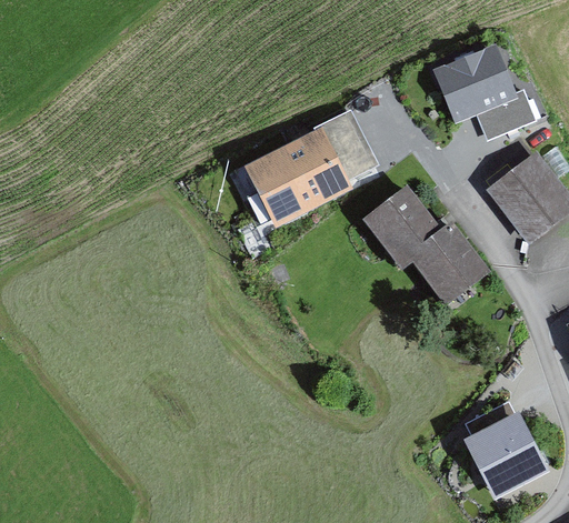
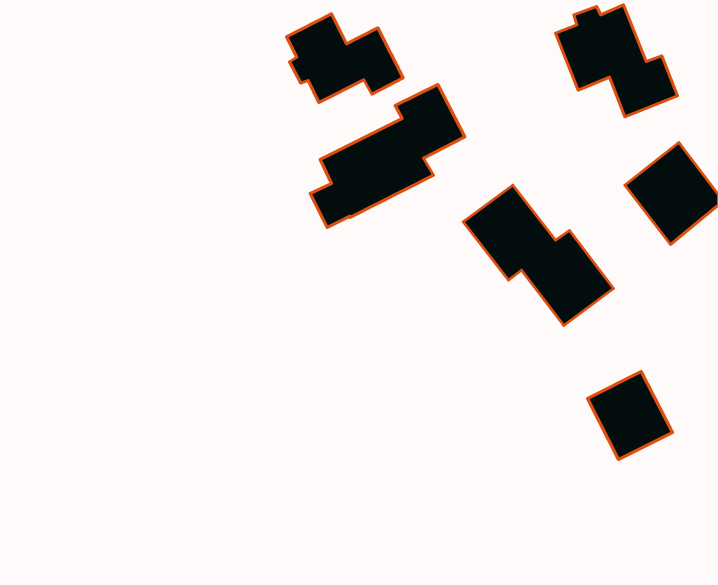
building: none -> [286,14,403,103]
building: [473,419,540,487] -> [587,372,673,460]

